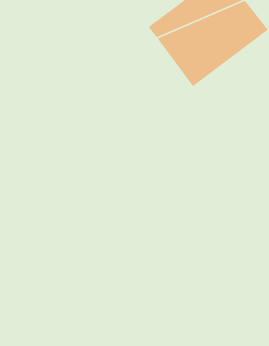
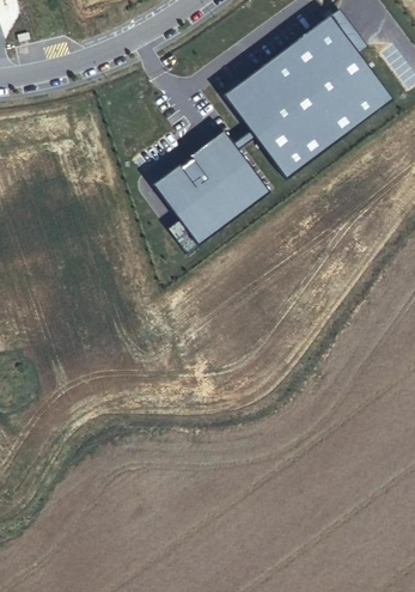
building: none -> [152,129,270,254]

